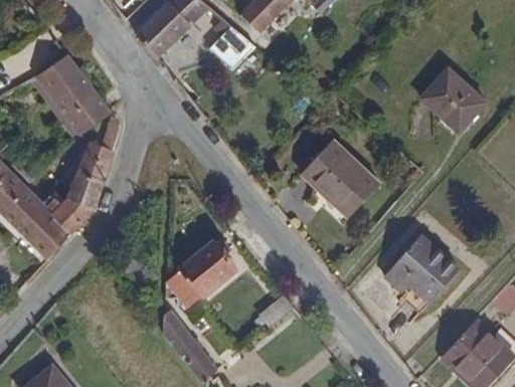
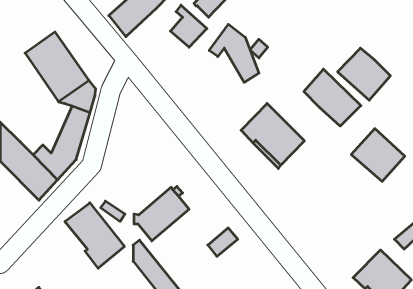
building: none -> [209,24,259,82]
building: none -> [304,69,361,126]
building: [390,235,457,301] -> [351,129,405,181]
building: none -> [65,203,124,268]

